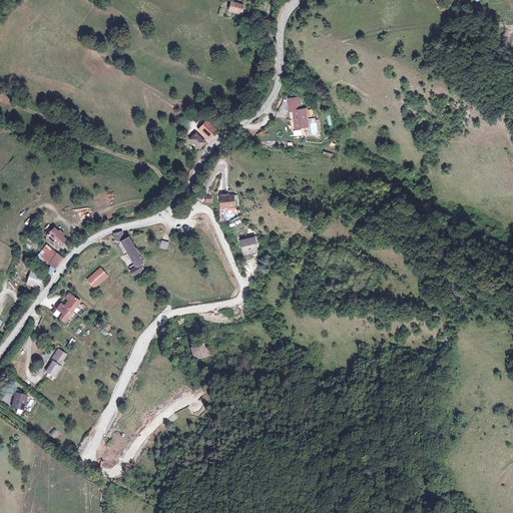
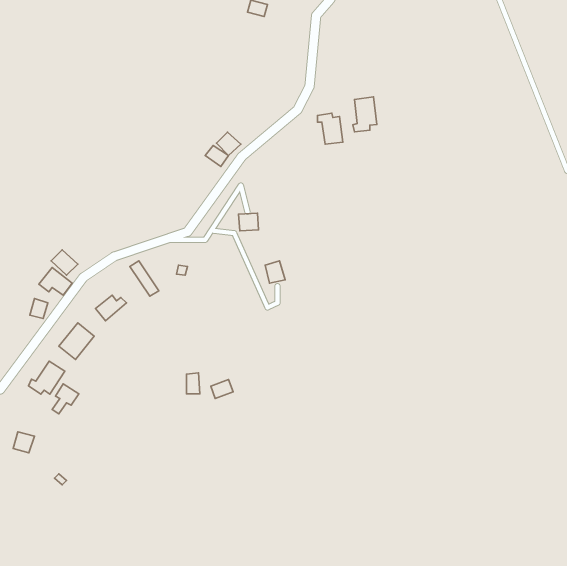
building: none -> [353,97,377,132]
building: none -> [29,361,65,394]

